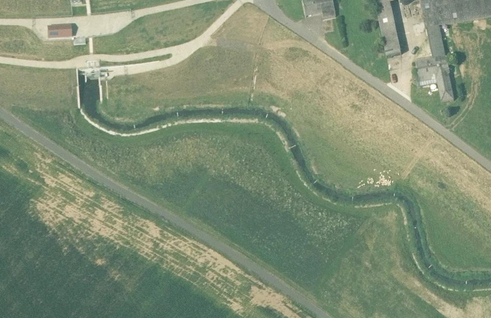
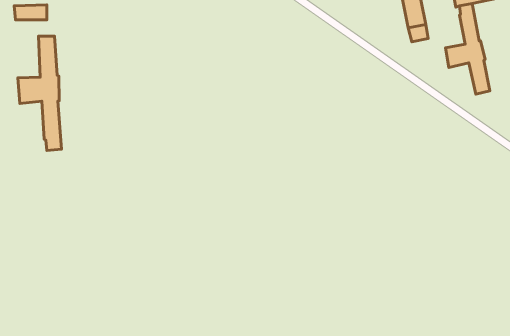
building: none -> [18,36,61,151]

